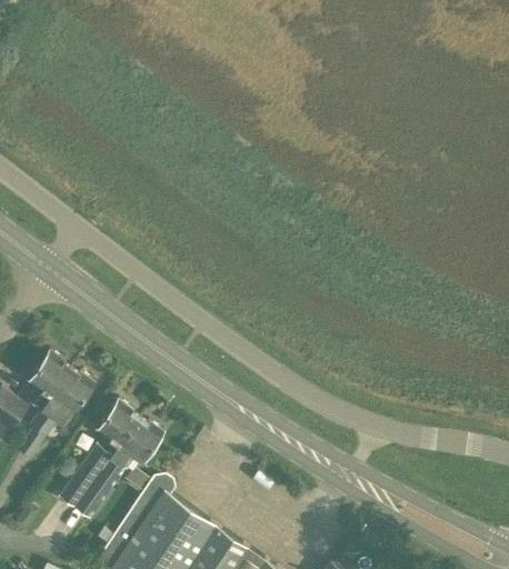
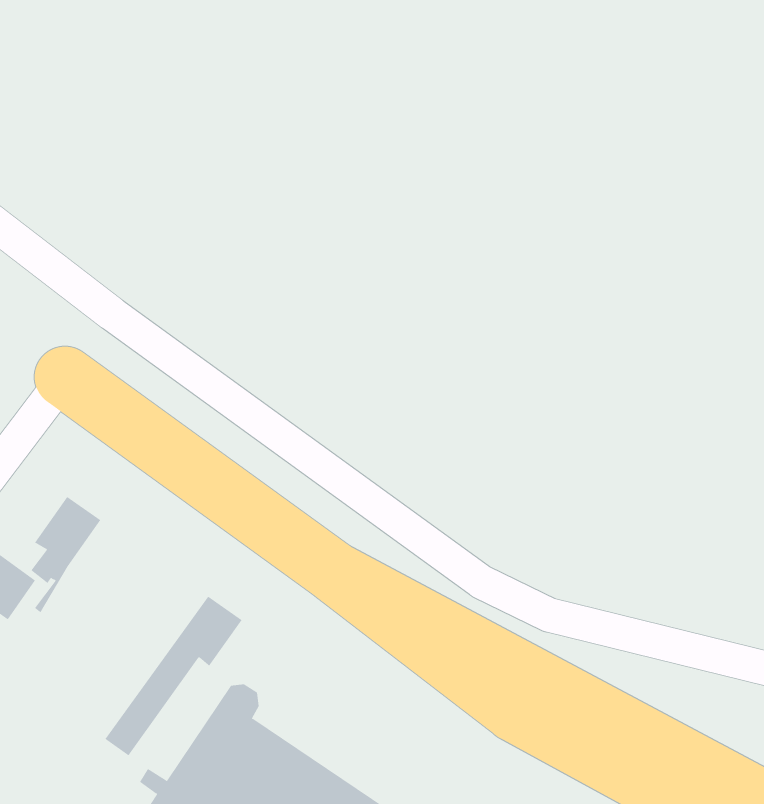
building: [17,369,93,460] -> none
building: [58,401,140,510] -> none

